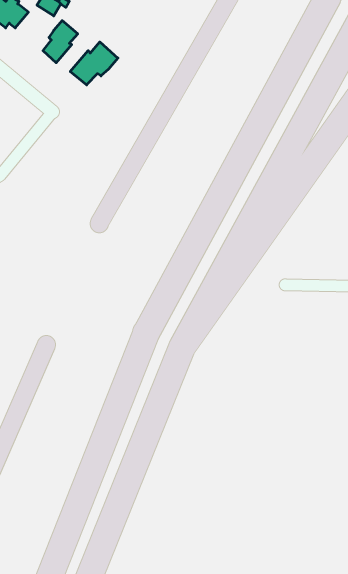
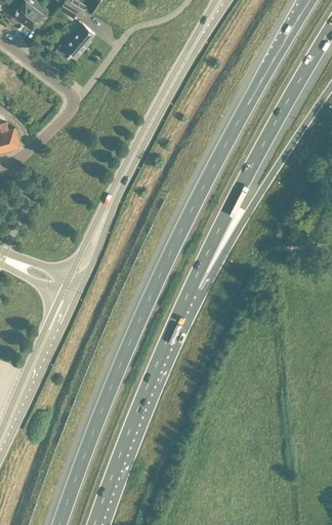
building: [70,42,118,85] -> none

